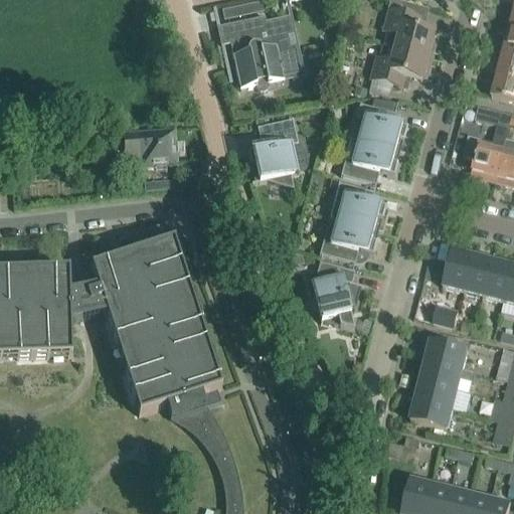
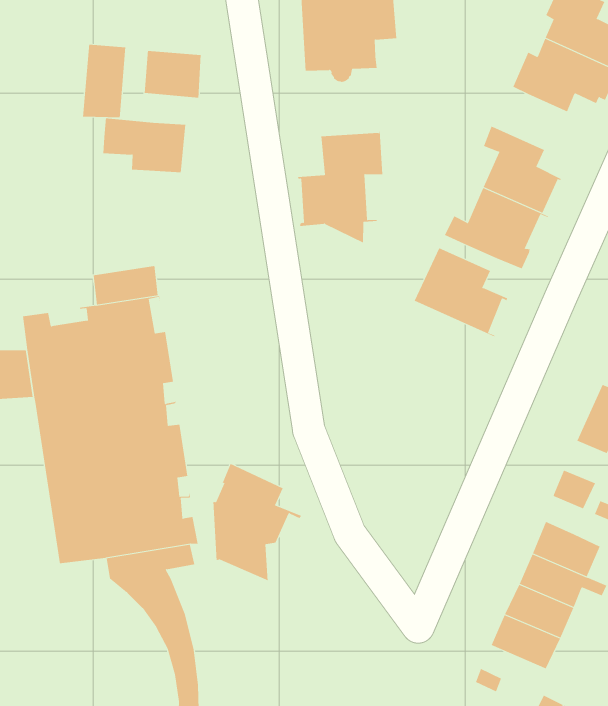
building: none -> [144,50,201,99]
building: none -> [82,44,126,118]
building: [319,214,382,264] -> none
building: [312,258,368,326] -> [212,463,302,581]

